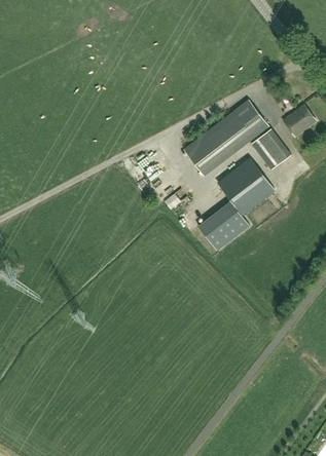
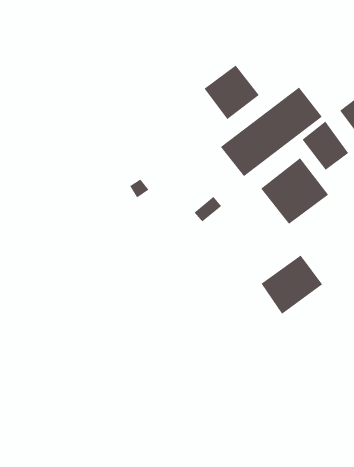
building: none -> [203,64,260,120]
building: [197,200,249,250] -> [260,254,323,315]

